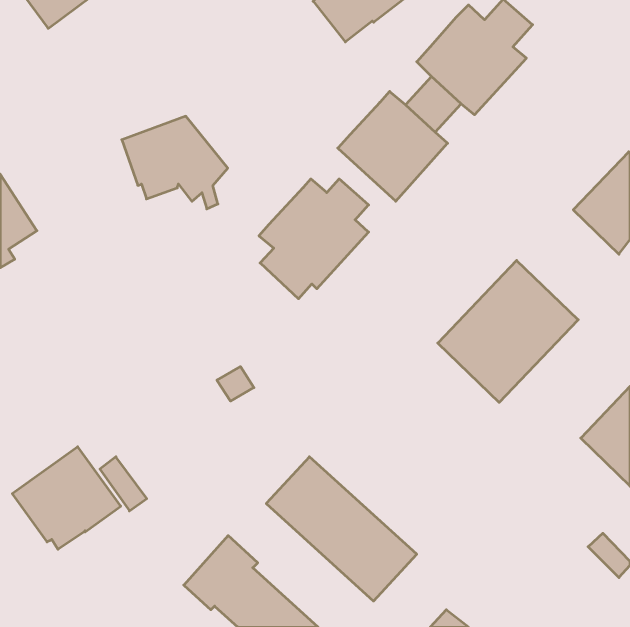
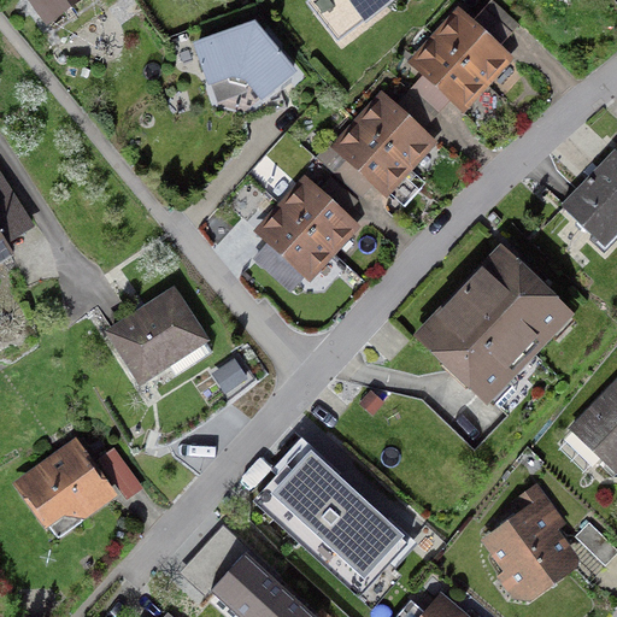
building: [122,116,228,209] -> [193,20,296,111]
building: none -> [105,286,210,386]
building: none -> [489,487,566,586]

